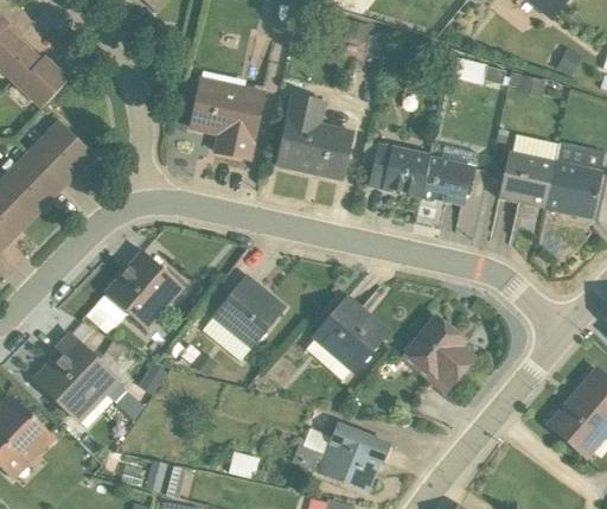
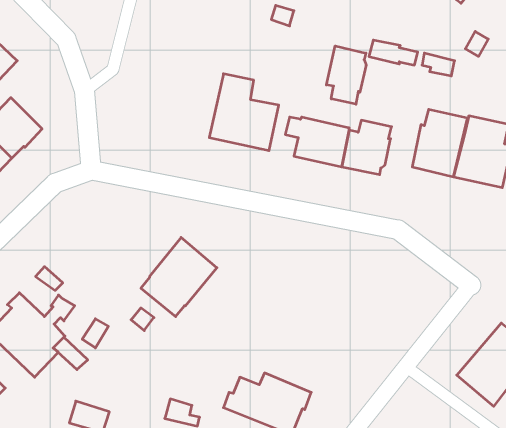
building: none -> [326,46,366,104]
building: [190,71,263,158] -> none
building: [104,249,181,327] -> none
building: [306,297,386,378] -> none
building: [401,316,473,392] -> none

